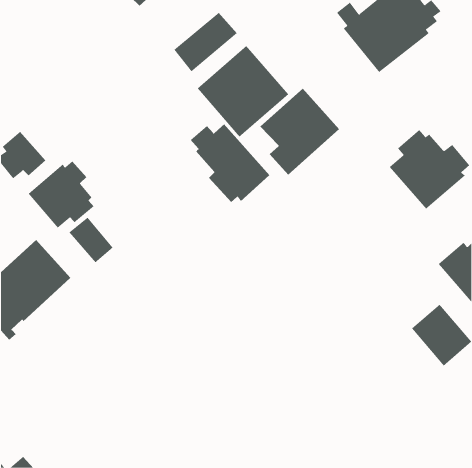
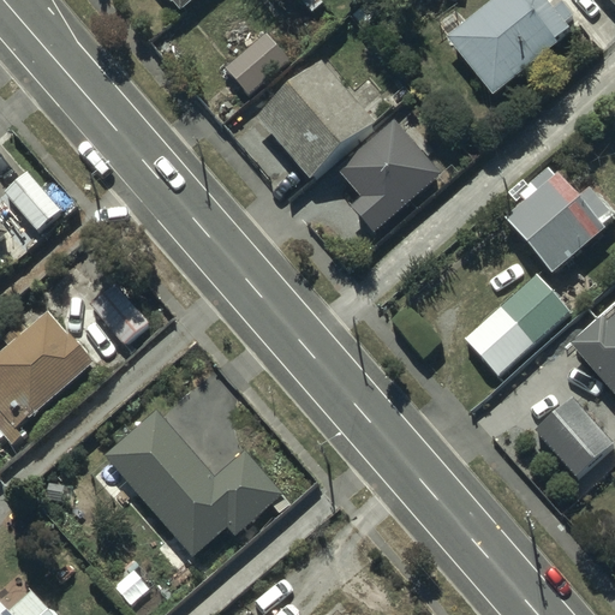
building: [190,124,270,203] -> none
building: [28,161,94,228] -> none
building: none -> [465,274,569,374]
building: none -> [105,410,282,555]

